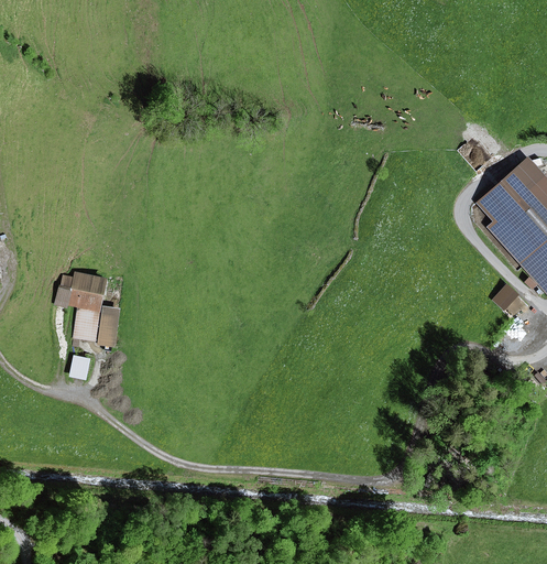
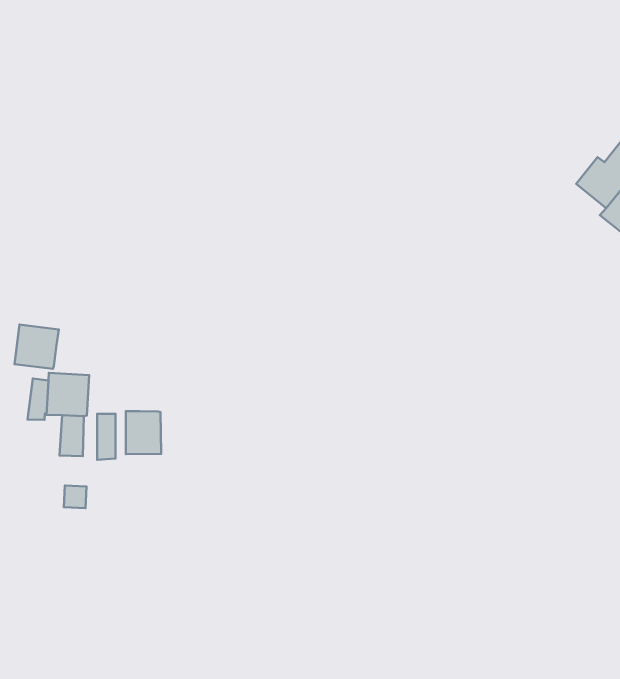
building: none -> [15,324,59,369]
building: none -> [126,411,161,454]

